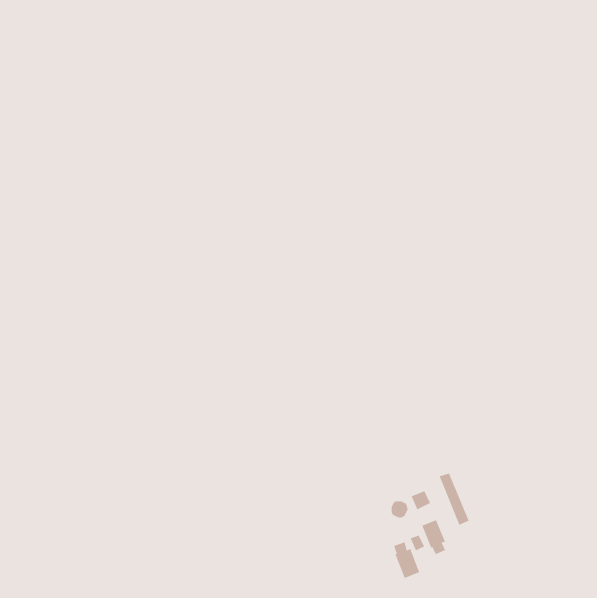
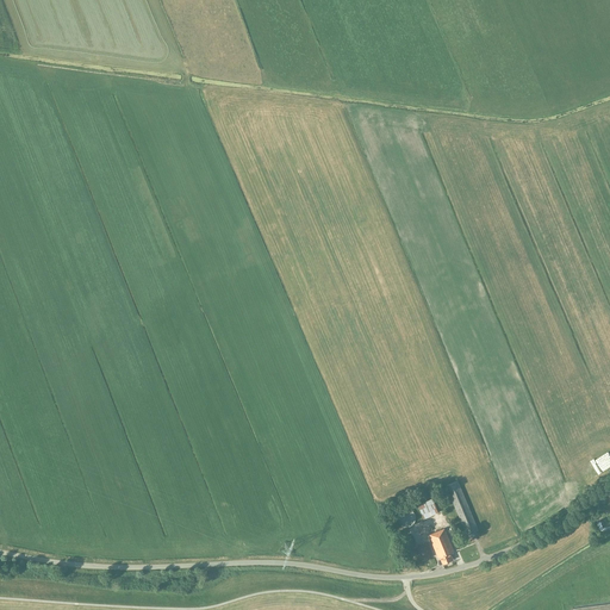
building: [394,542,420,579] -> none

